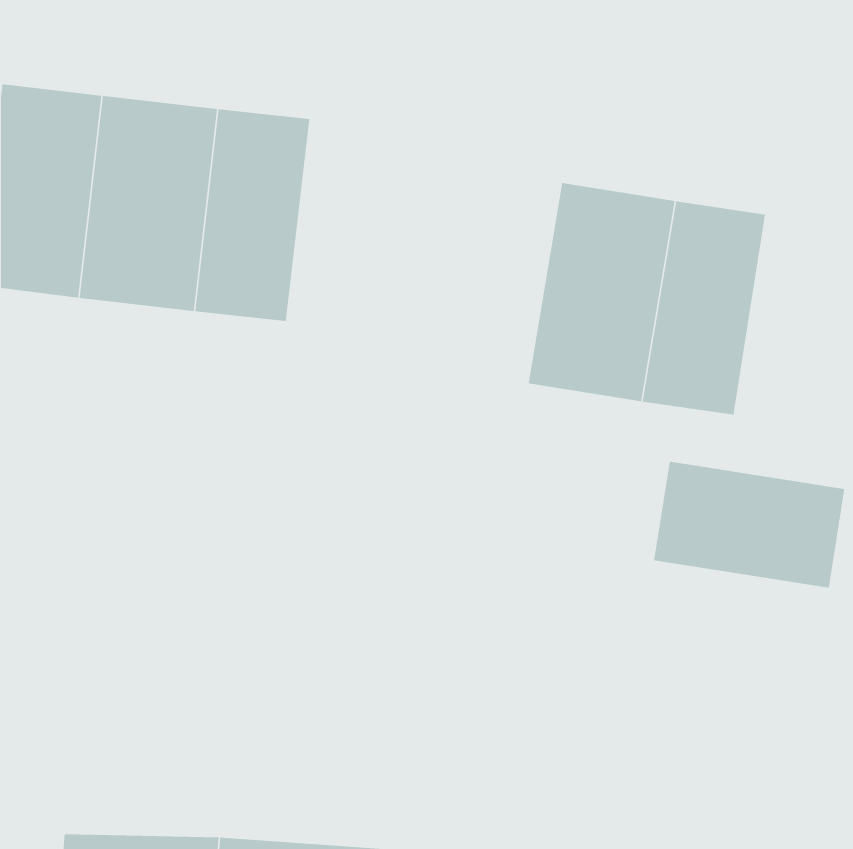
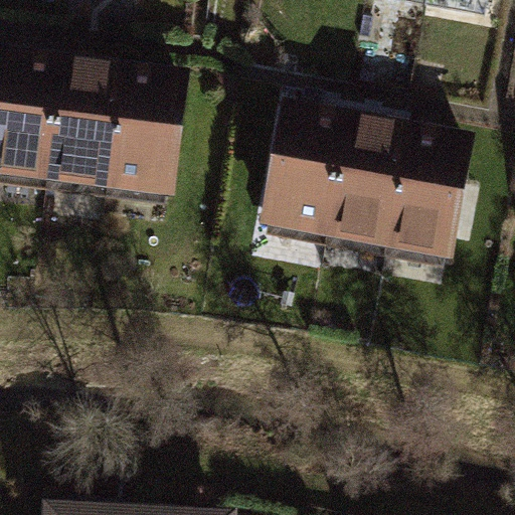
building: none -> [259,104,339,234]
building: [654,461,845,589] -> none

